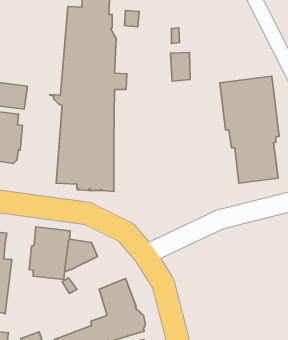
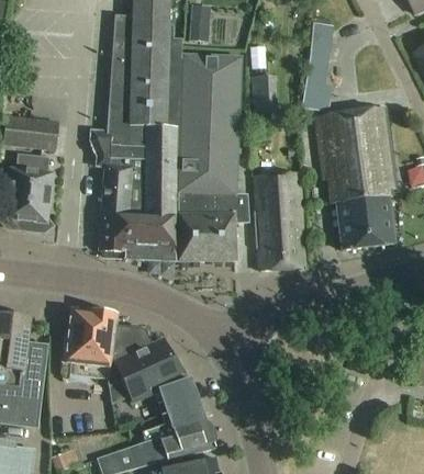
building: none -> [301,22,334,111]
building: none -> [171,38,248,261]
building: none -> [253,172,304,270]
building: none -> [119,343,178,402]

